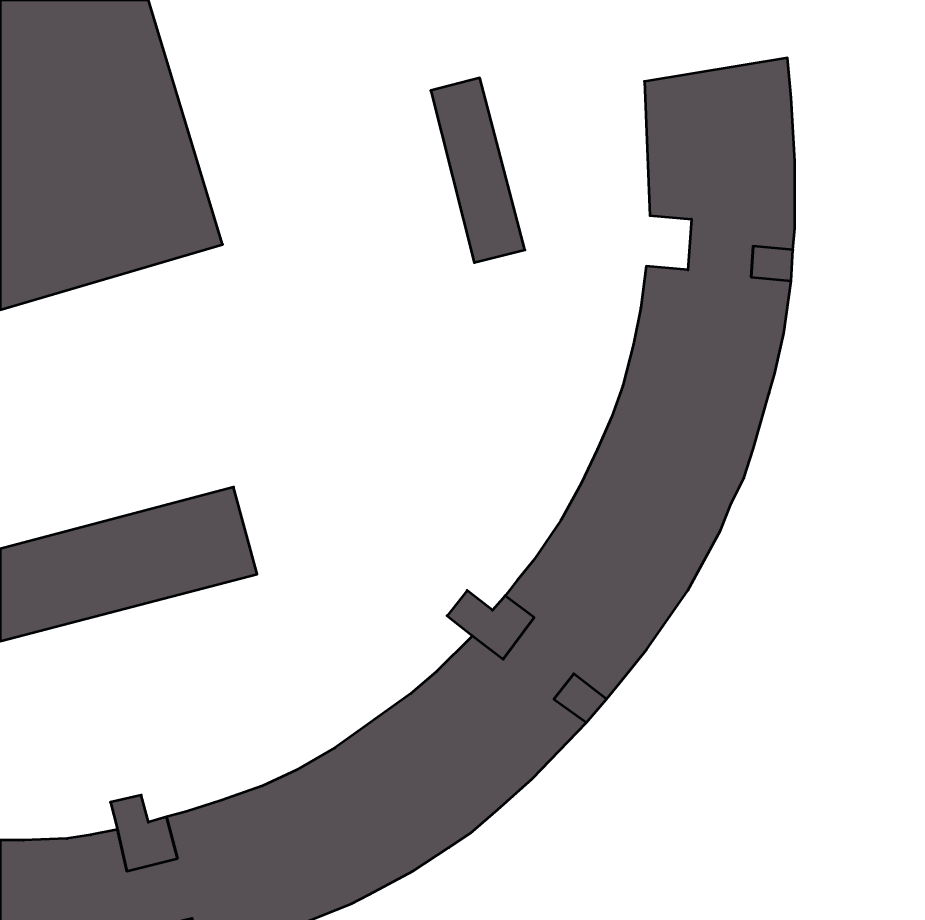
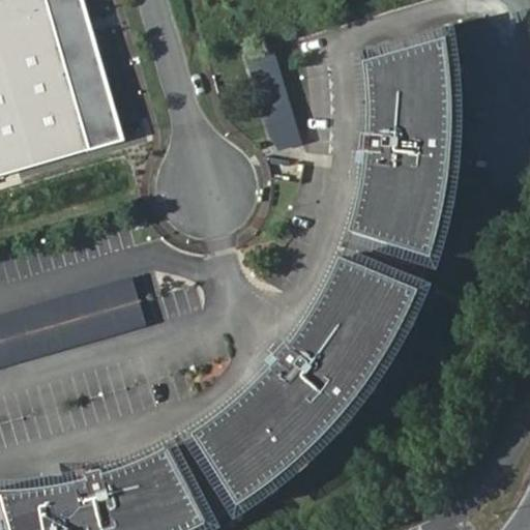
building: none -> [354,125,395,157]

